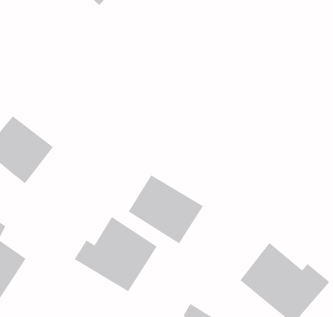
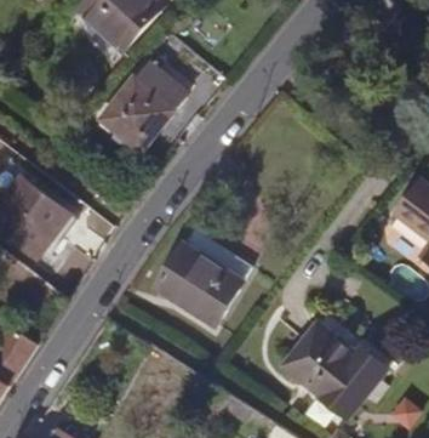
building: none -> [99,55,194,149]
building: [74,216,157,292] -> none

